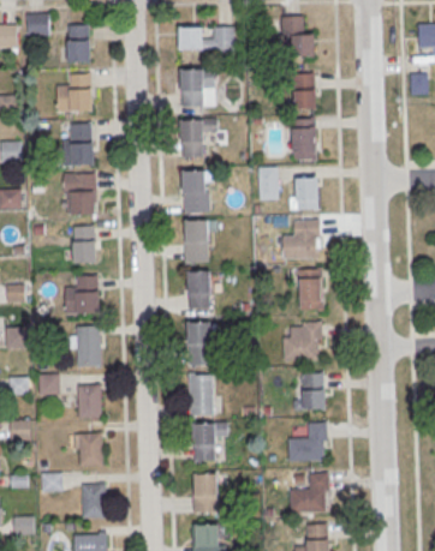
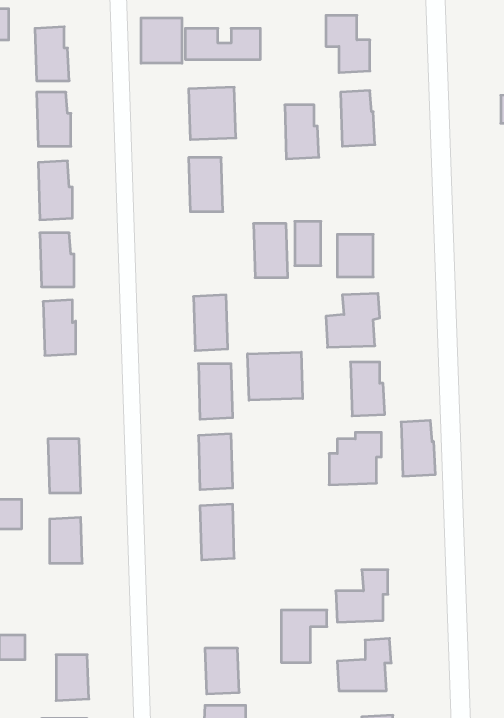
building: none -> [141,18,182,63]
building: [292,120,317,160] -> [285,105,319,159]
building: [183,173,208,212] -> [253,224,288,278]
building: none -> [248,352,303,400]
building: [76,277,101,317] -> none
building: [302,373,327,414] -> [401,420,435,476]
building: [192,421,226,460] -> [281,610,327,662]
building: [79,435,105,468] -> none

